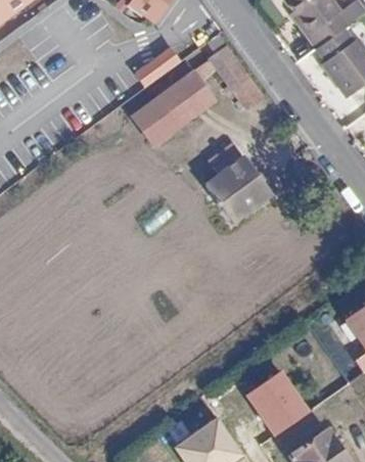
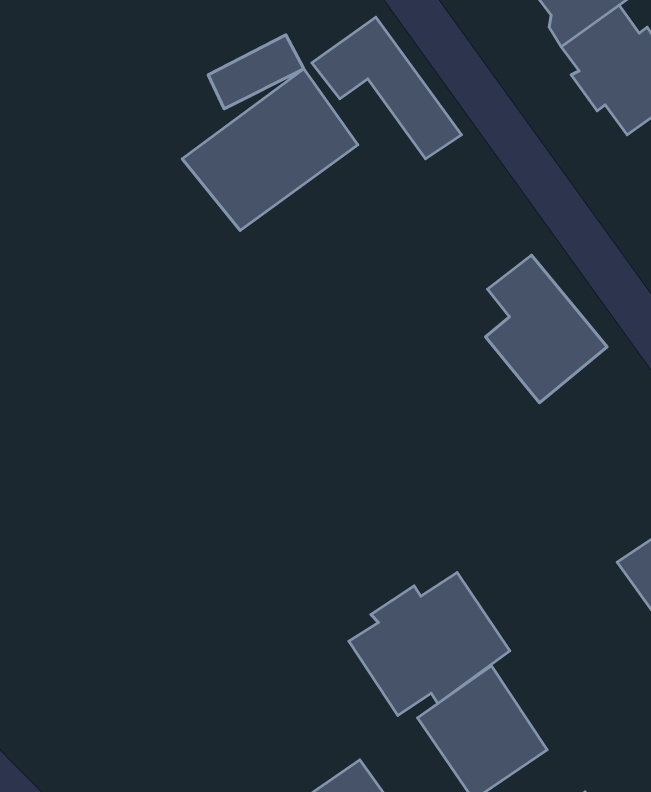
building: [208,146,270,222] -> [485,255,607,403]
building: none -> [349,572,510,715]

